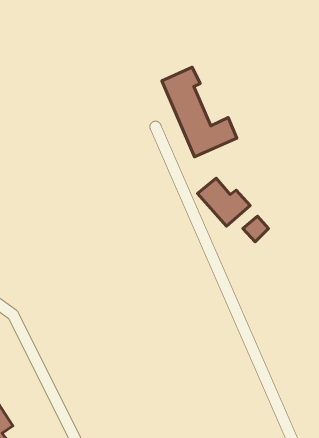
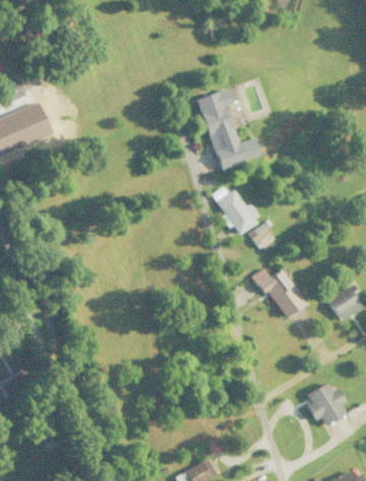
building: none -> [255,268,305,319]

